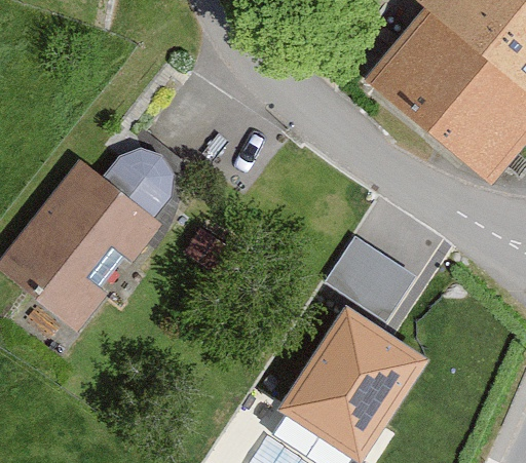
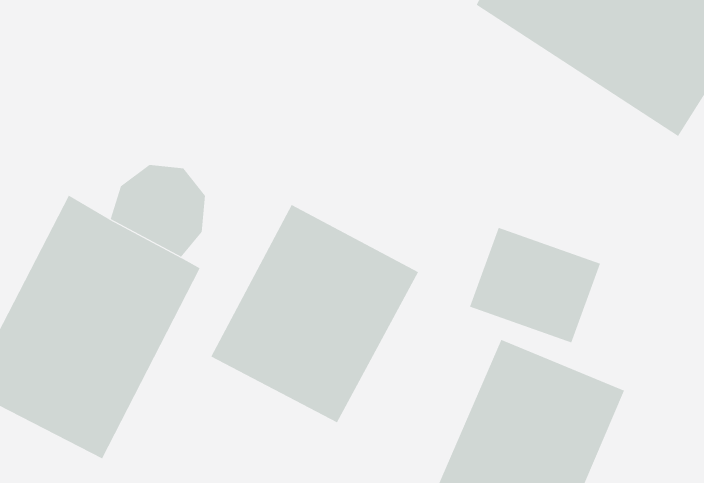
building: none -> [210,204,419,423]

